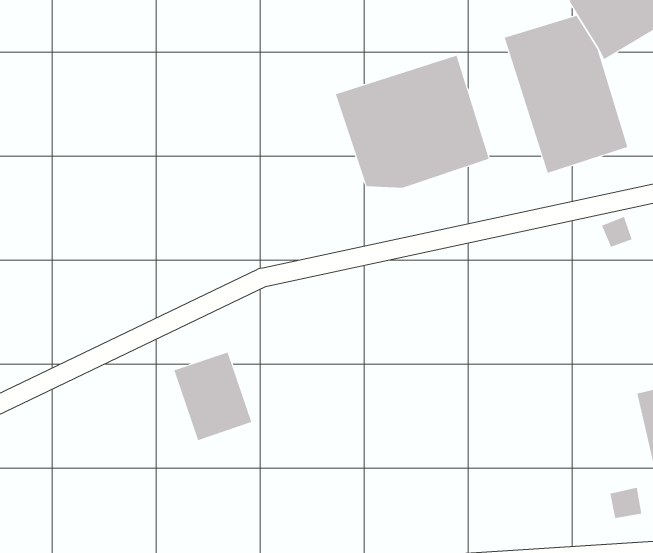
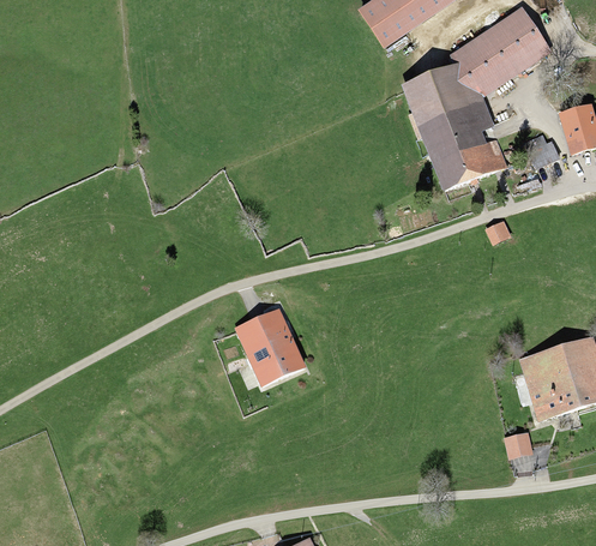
building: [335,55,490,189] -> none
building: [174,352,252,441] -> [237,313,301,384]

